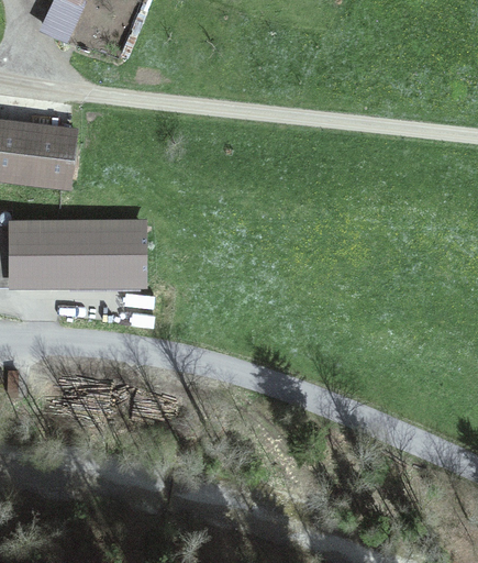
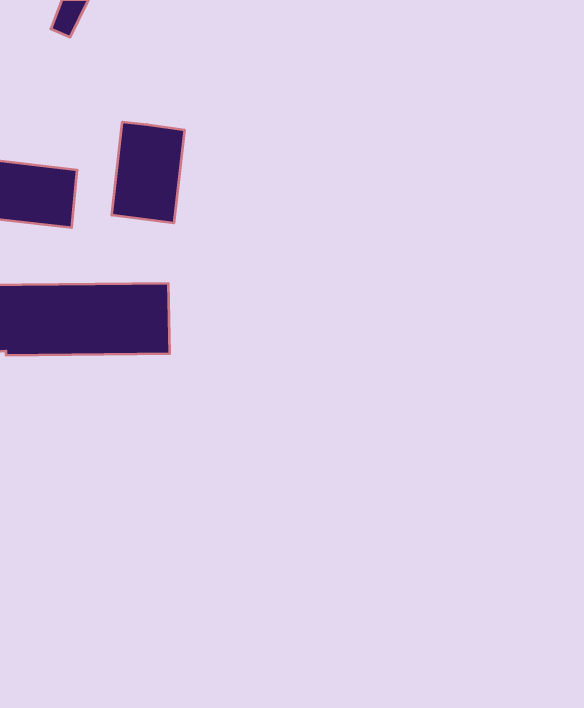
building: none -> [112,122,184,223]

